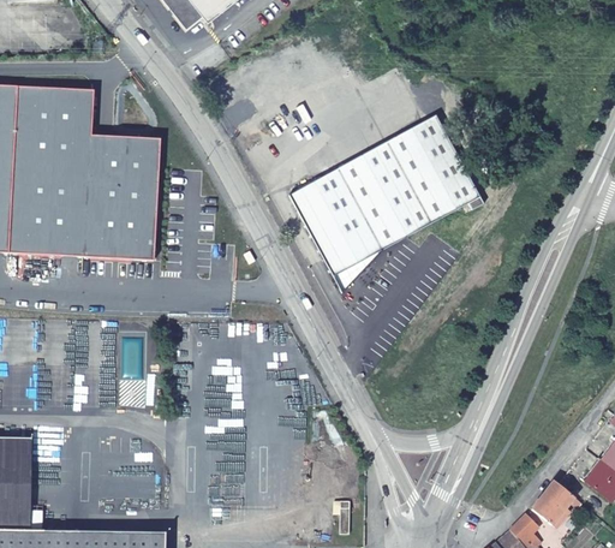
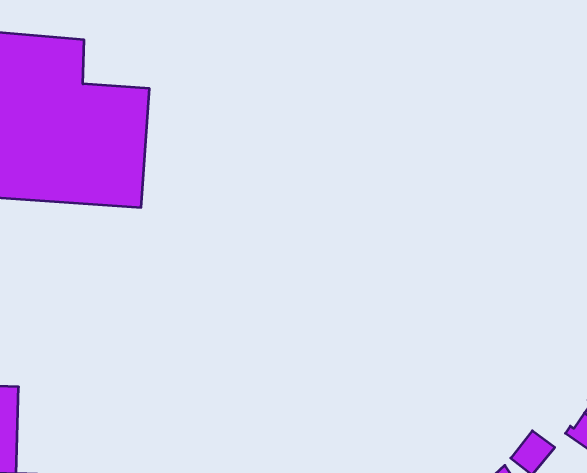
building: [286,115,480,276] -> none

